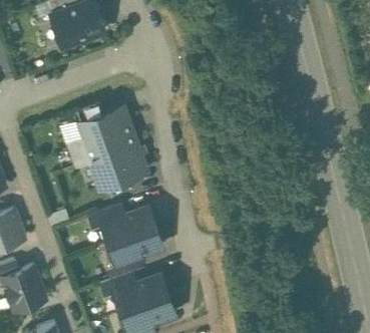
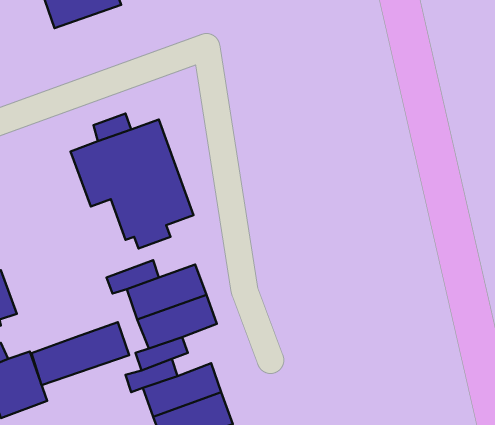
building: none -> [31,322,129,385]

